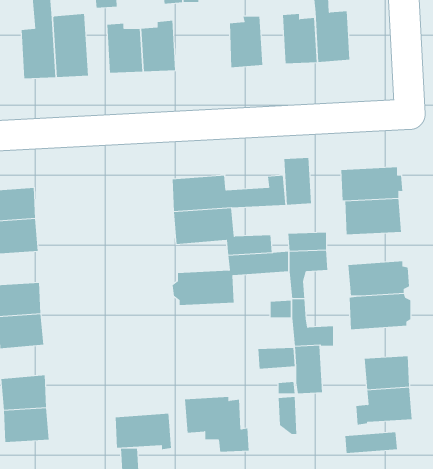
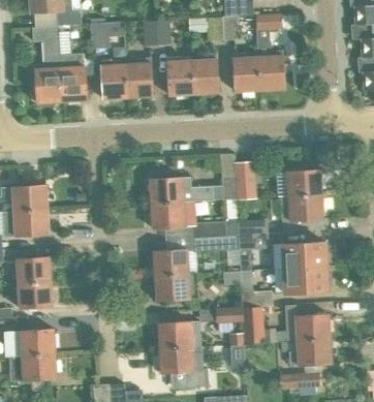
building: none -> [167,56,194,95]
building: none -> [155,273,198,300]
building: [115,413,172,450] -> [158,319,201,347]

